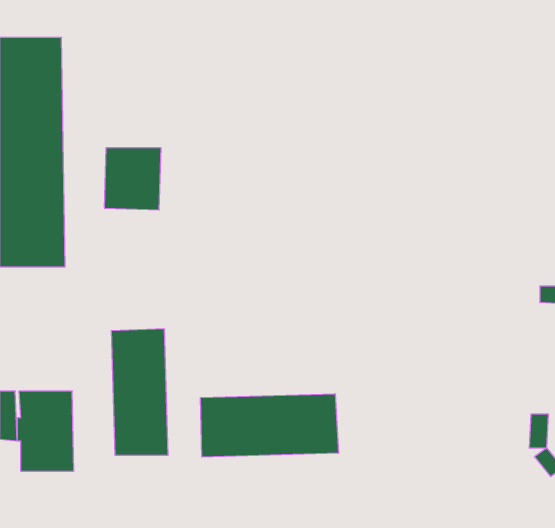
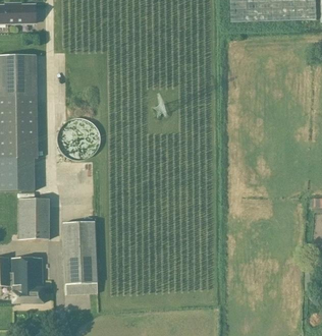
building: none -> [18,198,49,239]
building: [200,394,338,457] -> none

